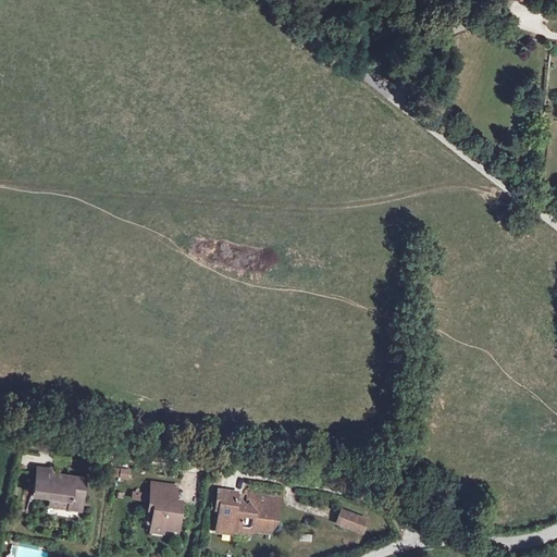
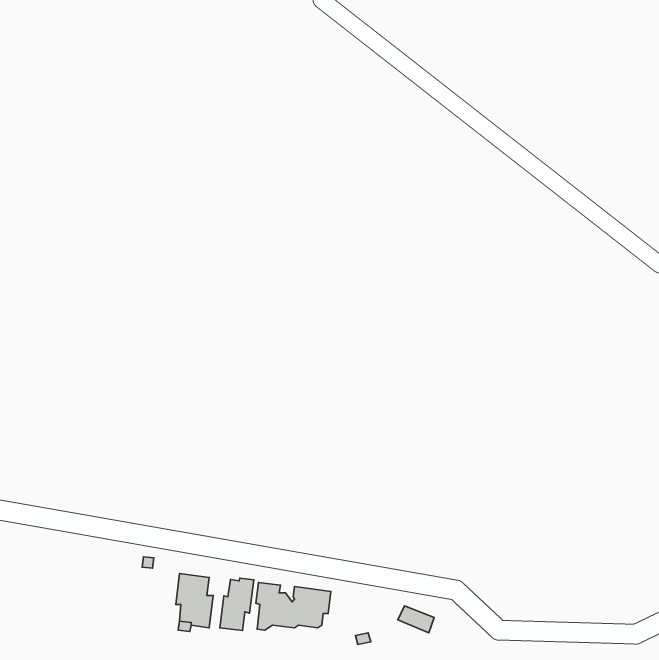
building: [35,472,86,510] -> none
building: none -> [220,578,254,631]

